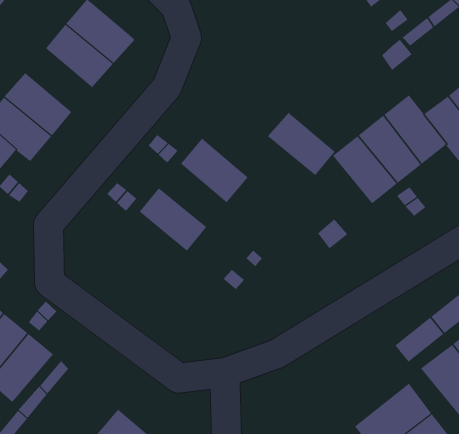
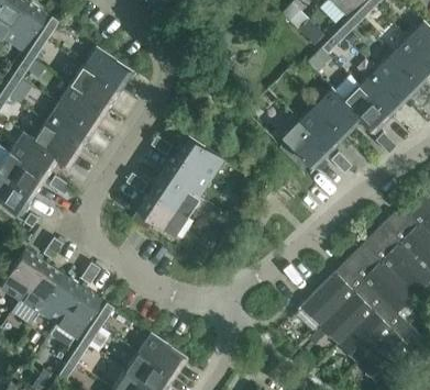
building: none -> [58,85,107,127]
building: [267,112,335,176] -> [162,155,211,198]
building: none -> [136,192,187,236]
building: none -> [300,272,354,326]

